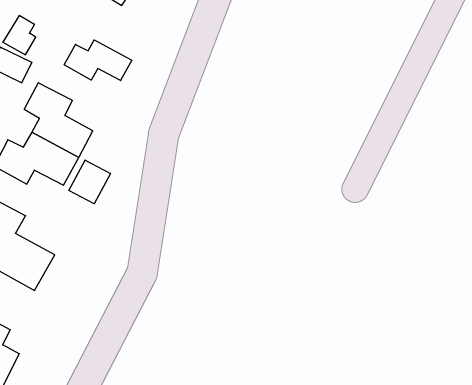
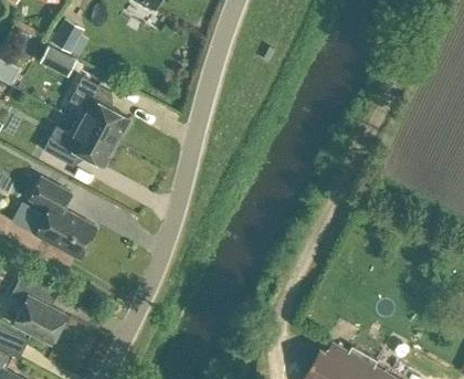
building: [64,40,132,81] -> none
building: [69,160,111,204] -> none

